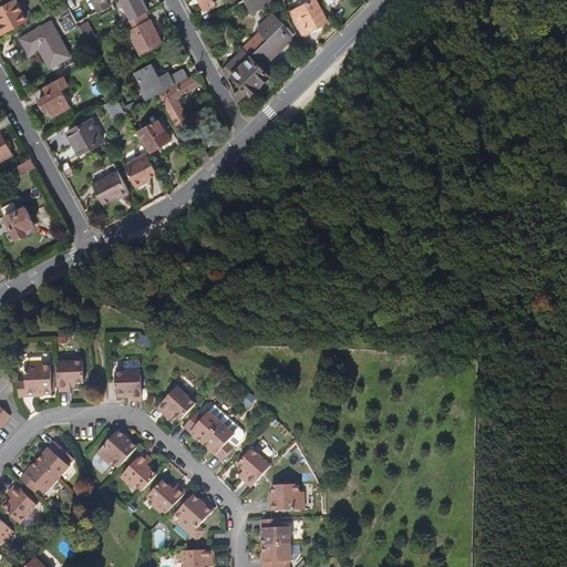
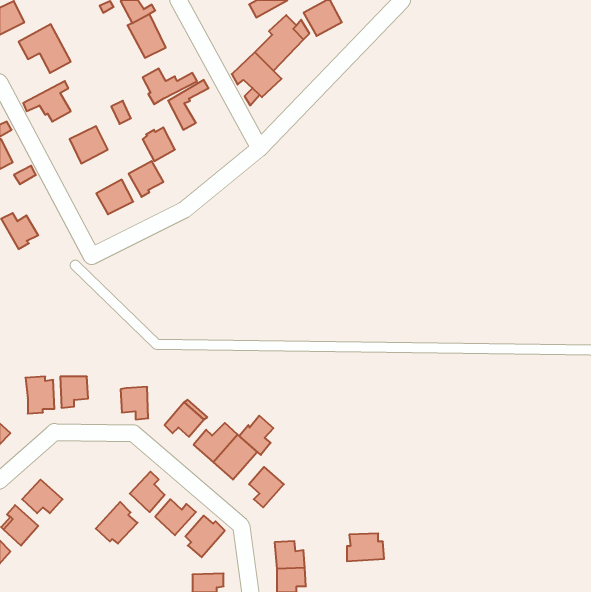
building: none -> [239,416,273,455]
building: [97,425,137,465] -> [96,502,138,544]
building: [39,441,71,477] -> none
building: [270,483,306,509] -> [347,533,384,561]

